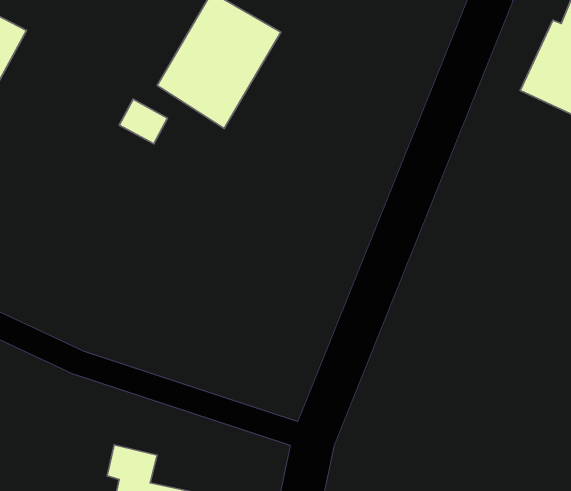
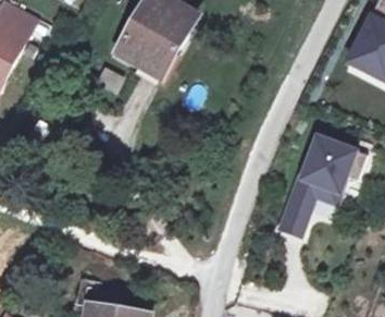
building: none -> [282,132,353,232]

